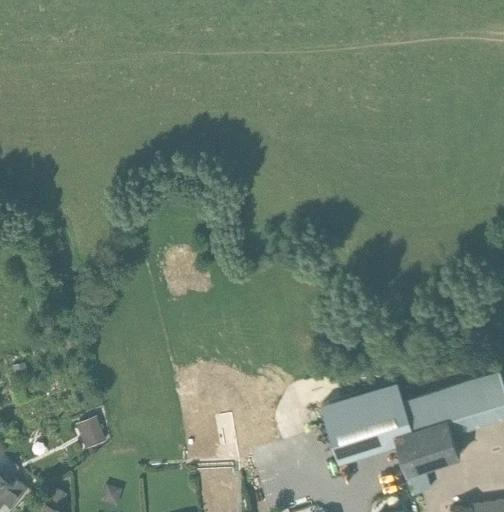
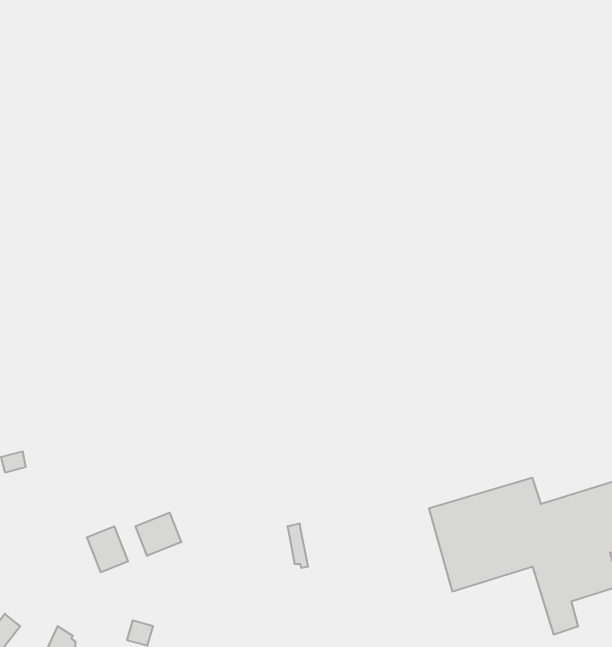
building: none -> [135,513,181,556]

